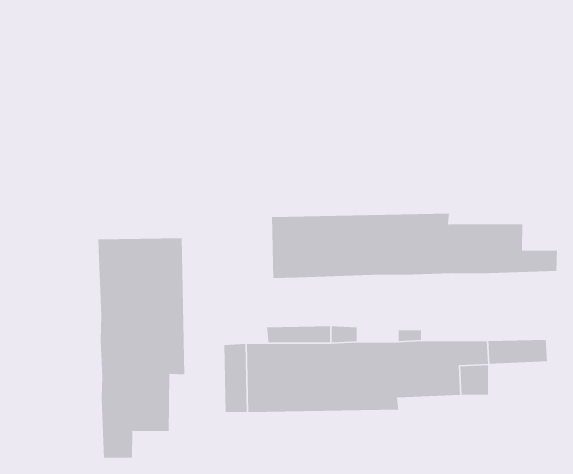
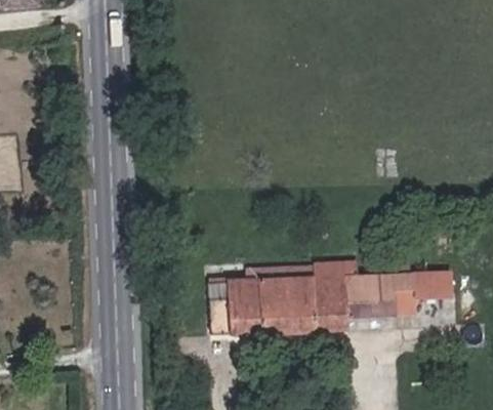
building: [271,213,558,279] -> none
building: [97,237,185,458] -> none

